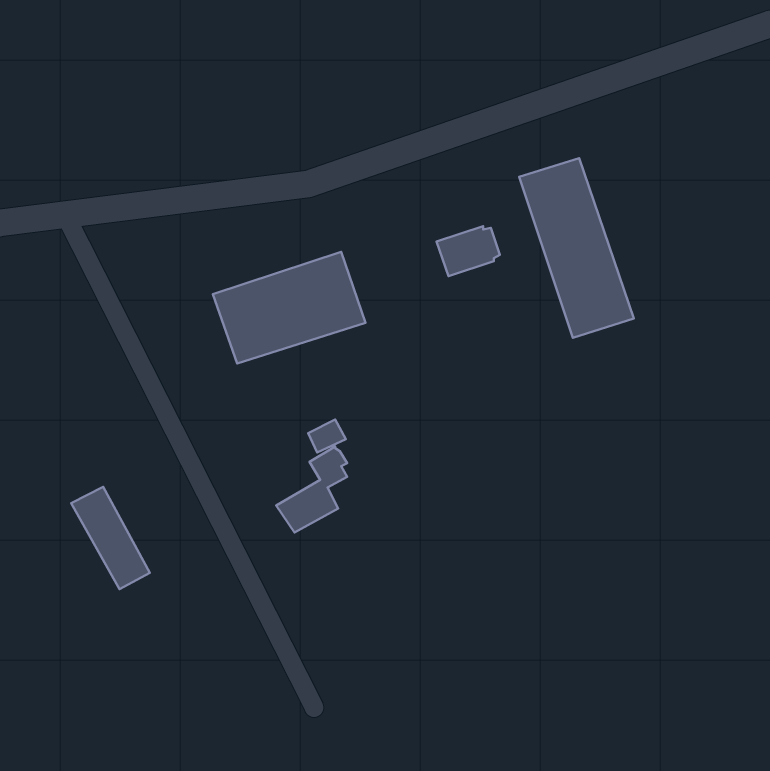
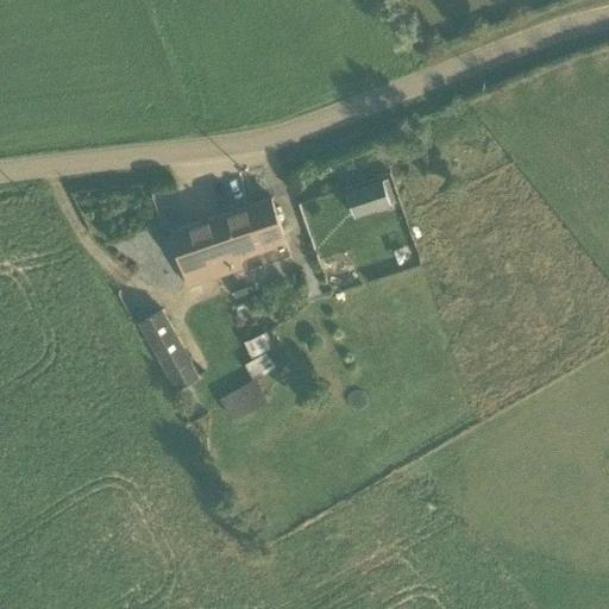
building: [519,158,634,338] -> none
building: [71,487,150,589] -> [136,308,197,389]

